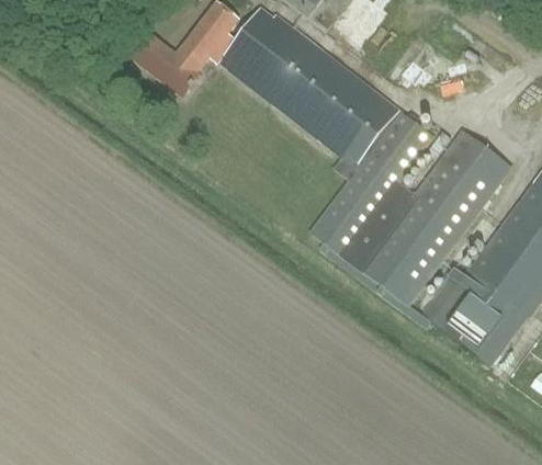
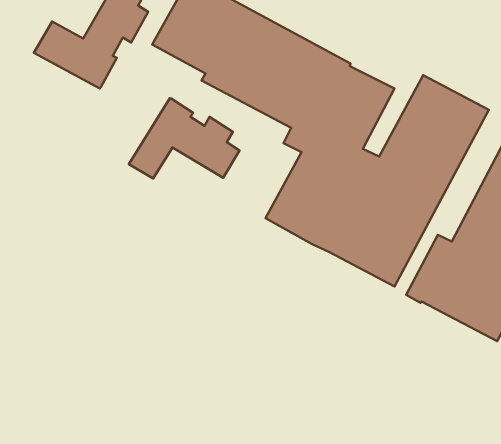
building: none -> [129,98,240,179]

